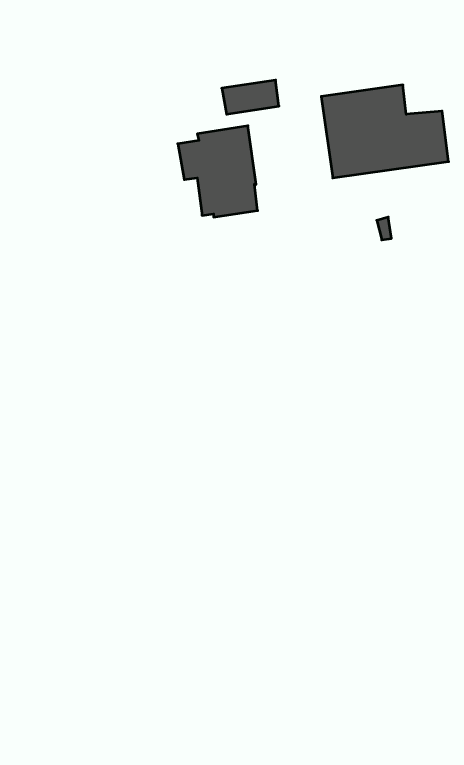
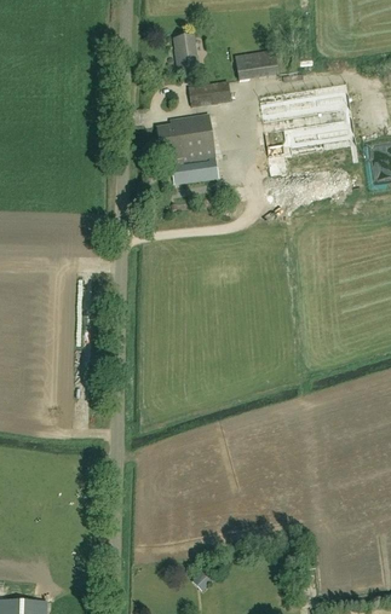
building: none -> [176,35,201,69]
building: none -> [241,54,280,75]

